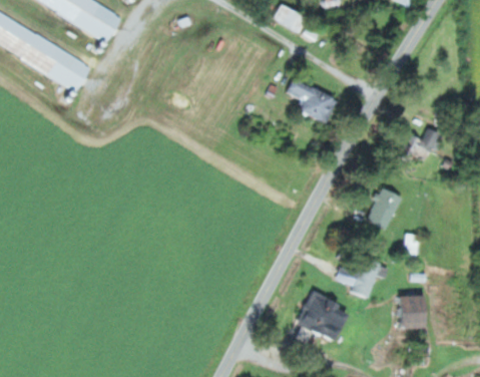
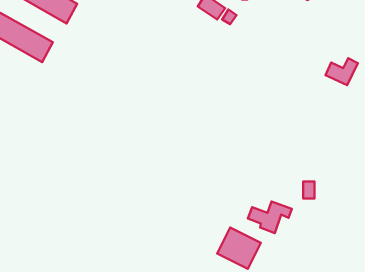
building: [284,81,336,124] -> none
building: [398,129,438,162] -> [325,58,358,85]
building: [364,188,400,231] -> none
building: [402,298,426,330] -> none

